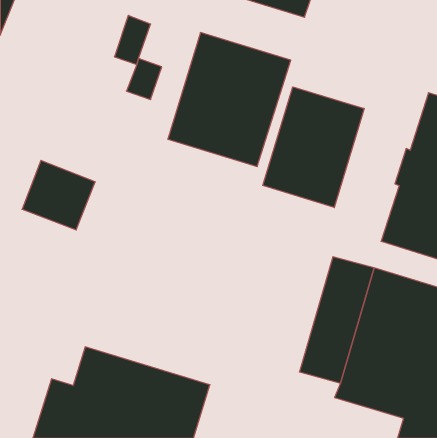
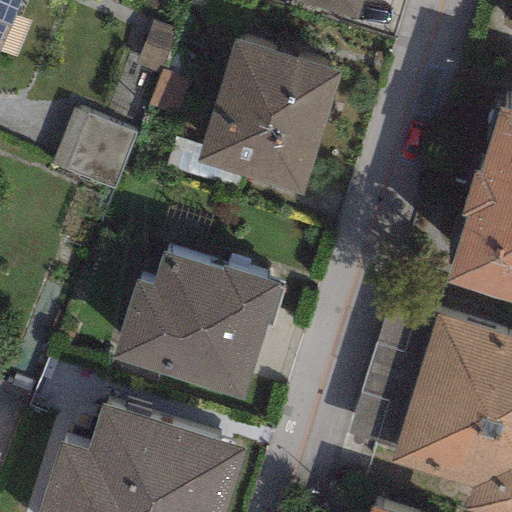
building: [263,87,364,208] -> none
building: [22,160,95,230] -> [52,108,137,189]
building: none -> [113,252,285,399]

